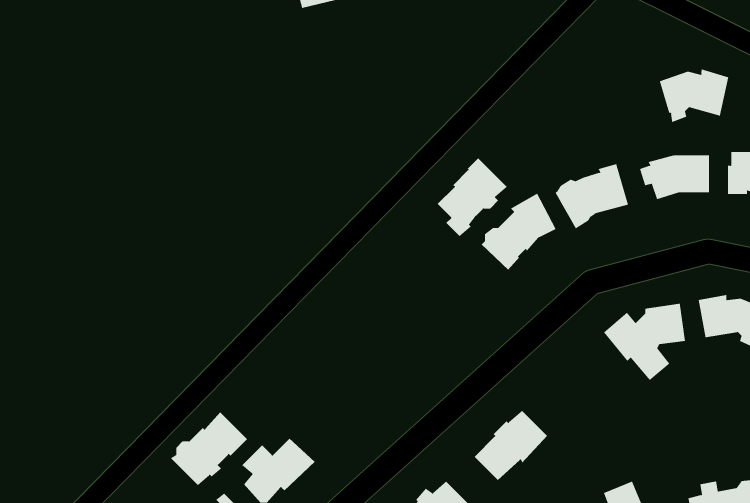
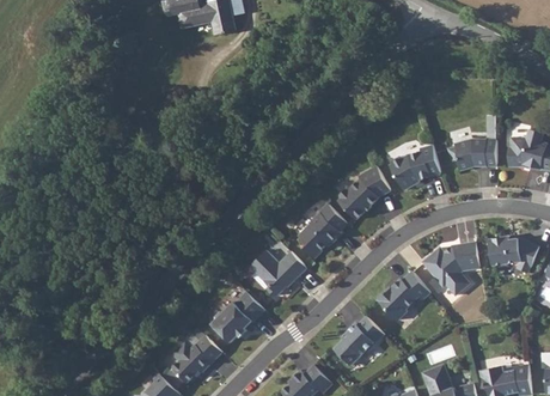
building: [659,68,729,123] -> none
building: [437,157,508,237] -> [298,203,347,258]
building: none -> [249,250,306,296]
building: none -> [374,270,424,319]
building: [170,412,248,486] -> [210,291,264,342]

